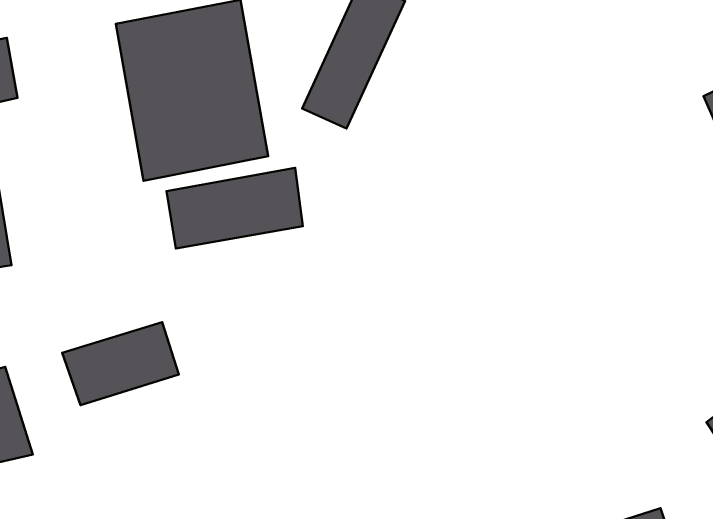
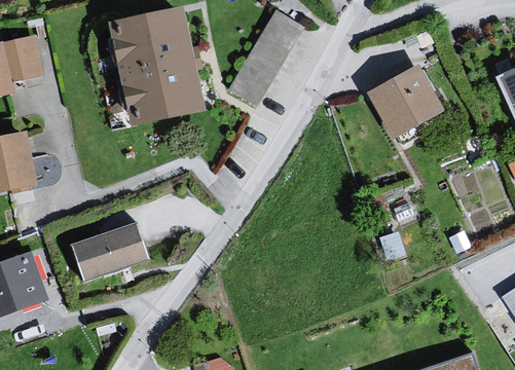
building: none -> [373,66,447,142]
building: [166,168,303,249] -> none

